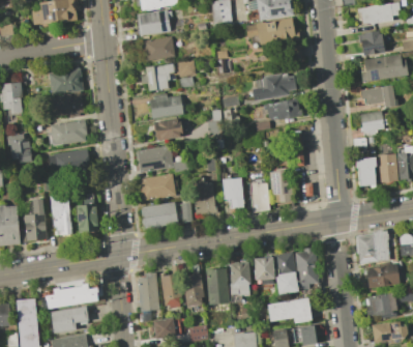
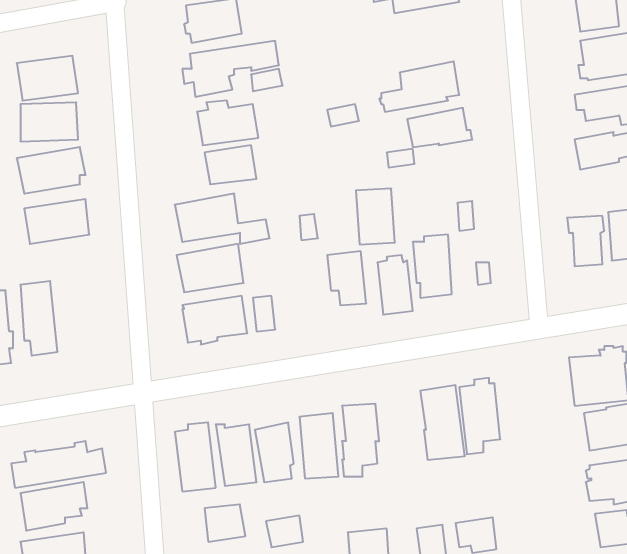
building: [194,183,215,214] -> [356,189,395,244]
building: [76,204,99,232] -> none
building: [254,257,274,285] -> none
building: [267,297,312,323] -> none

